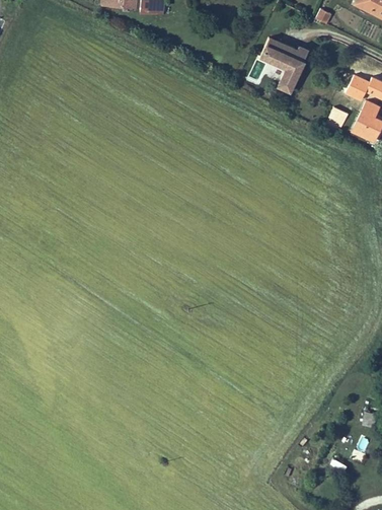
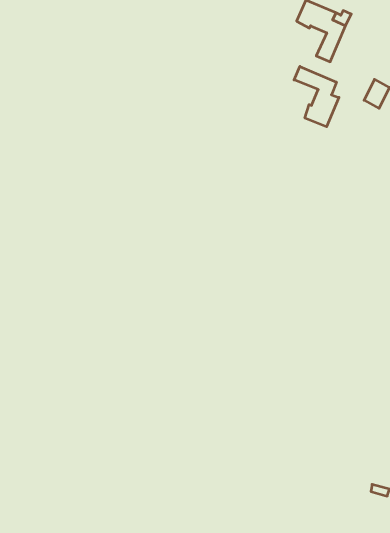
building: none -> [294,66,339,127]

